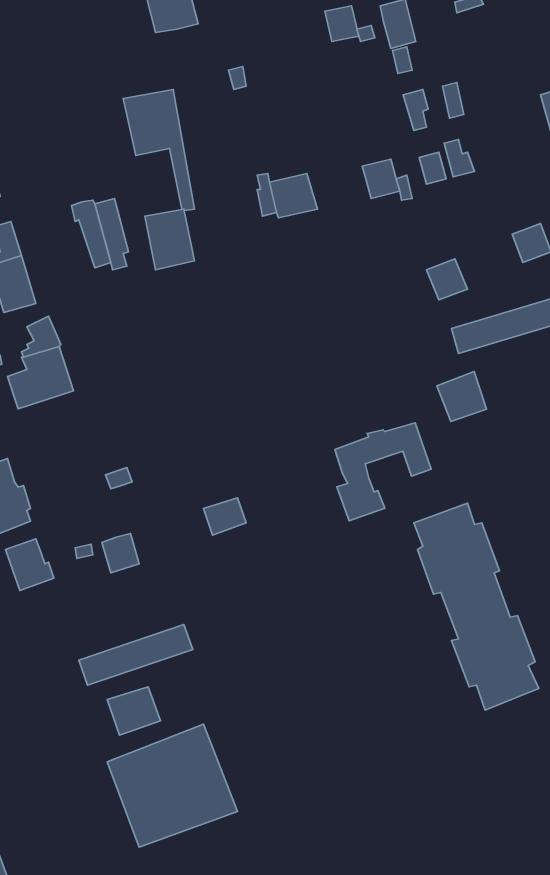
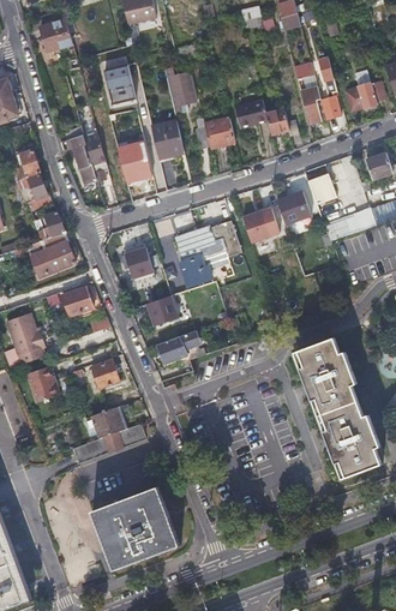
building: none -> [41,20,72,53]
building: none -> [163,68,193,114]
building: none -> [344,70,384,112]
building: none -> [233,100,266,128]
building: none -> [150,120,181,156]
building: none -> [242,205,280,241]
building: none -> [124,244,155,282]
building: [437,372,487,422] -> [277,190,311,223]
building: none -> [62,284,92,316]
building: [335,423,431,521] -> [173,220,238,286]
building: none -> [146,295,180,325]
building: [107,687,161,735] -> [90,405,126,437]

